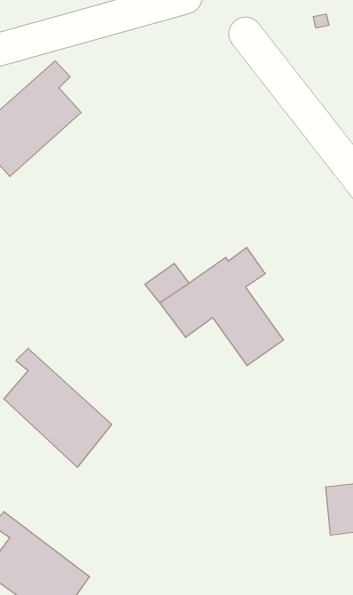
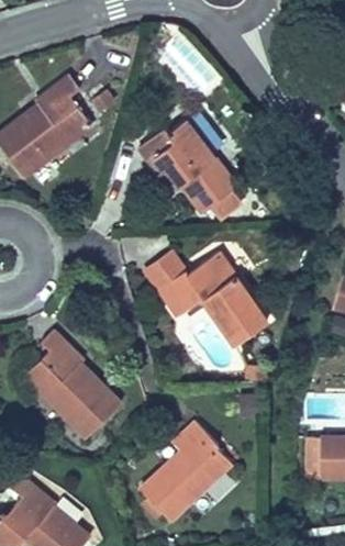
building: none -> [138,112,238,209]
building: none -> [142,417,236,517]

